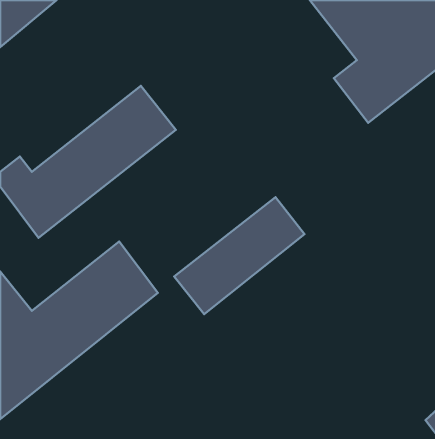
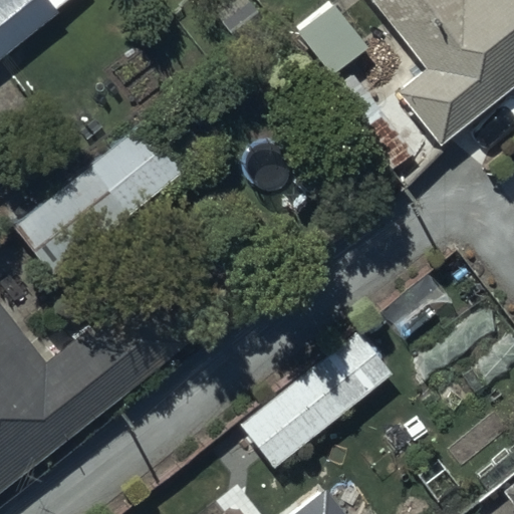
building: [174,197,305,314] -> [239,332,392,469]

